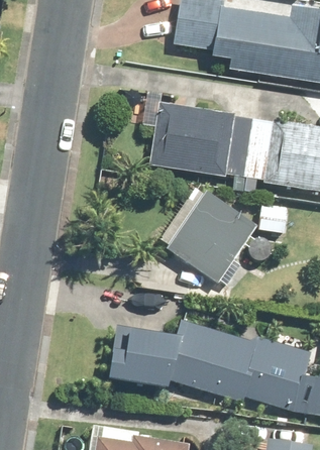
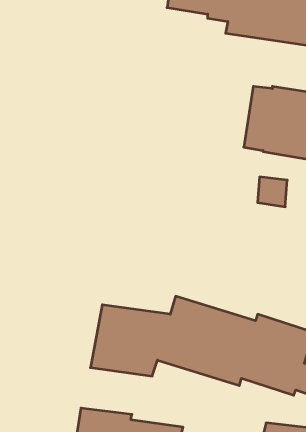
building: [148,101,254,177] -> none
building: [163,188,256,287] -> none

